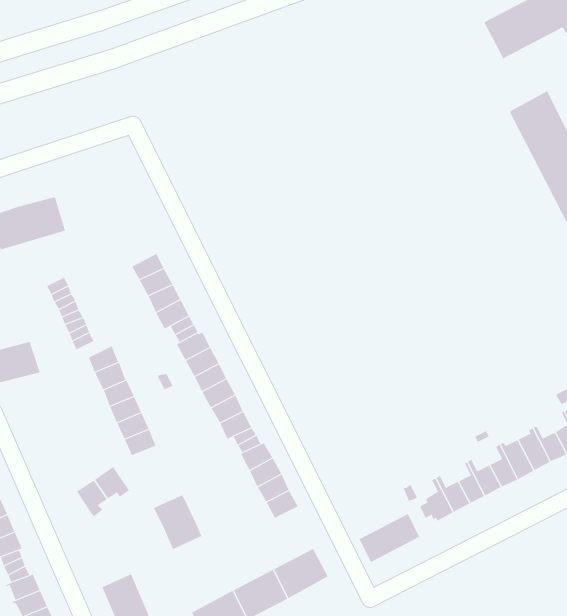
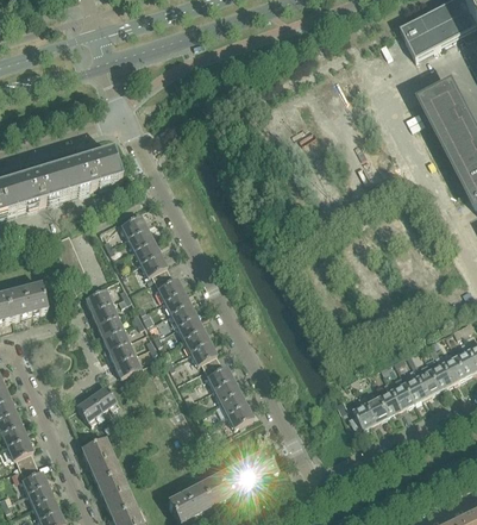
building: none -> [58,150,118,194]
building: [153,495,202,550] -> [80,435,119,479]
building: [359,513,420,563] -> none

